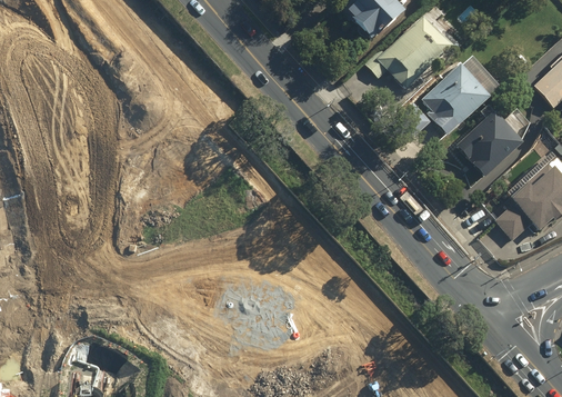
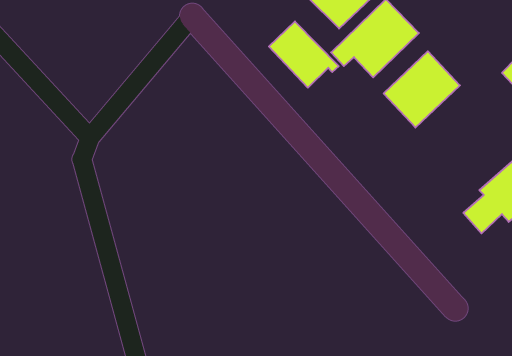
building: none -> [269,21,339,88]
building: [455,102,524,176] -> none

